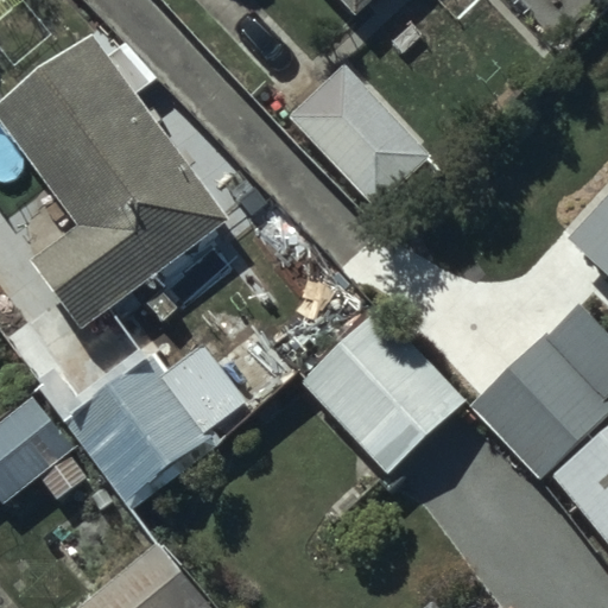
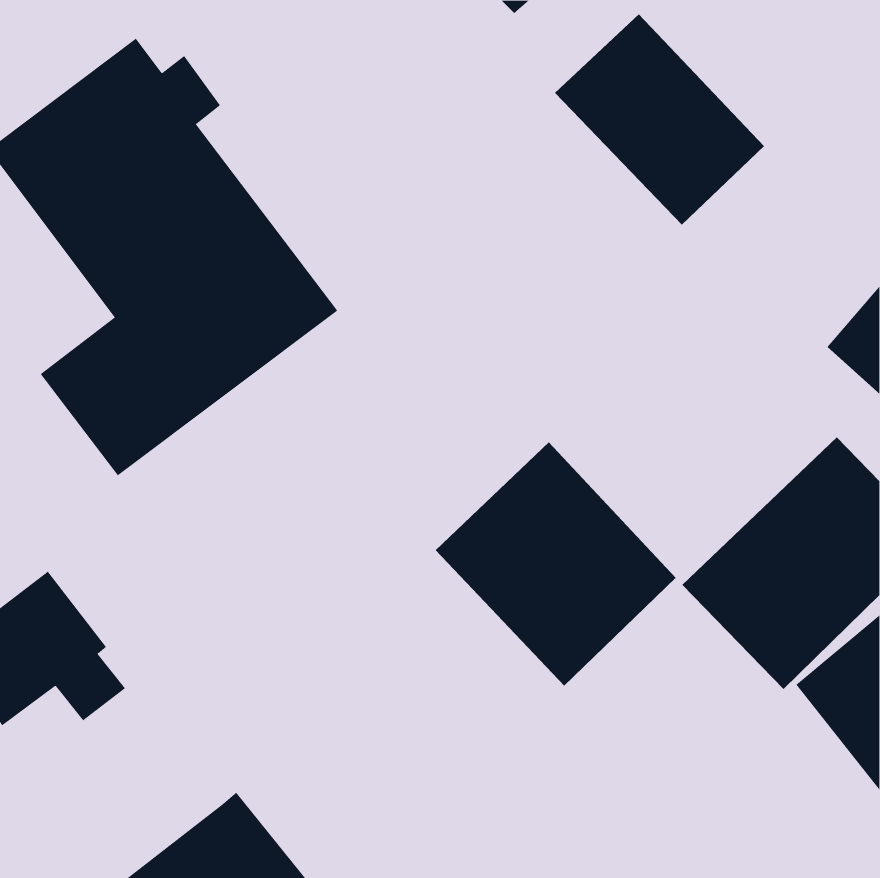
building: [287,64,432,210] -> [554,13,765,226]
building: [61,346,245,501] -> none

